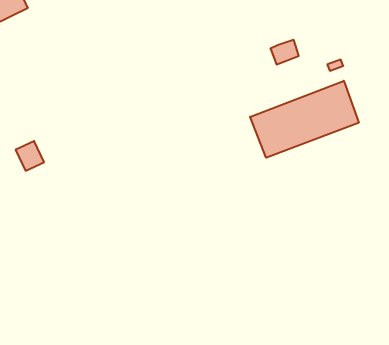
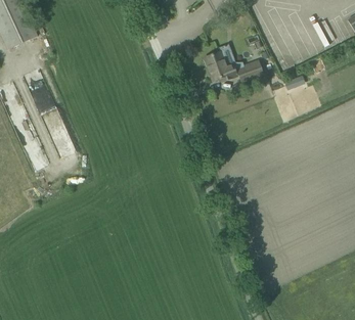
building: none -> [206,49,238,78]
building: [250,81,359,158] -> none

